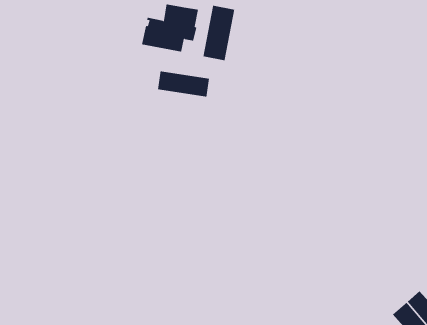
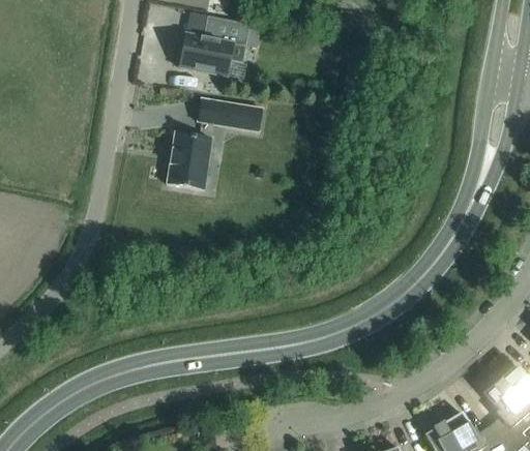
building: [203,5,235,61] -> none
building: none -> [168,132,212,189]

